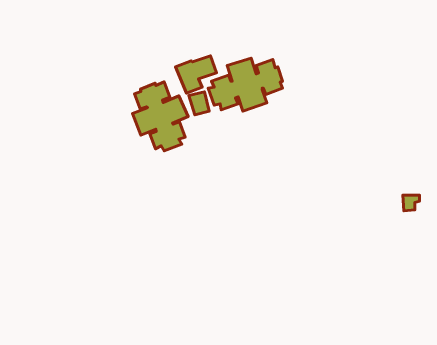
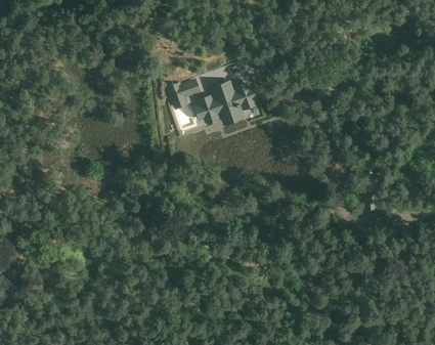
building: [132,82,188,151] -> none

